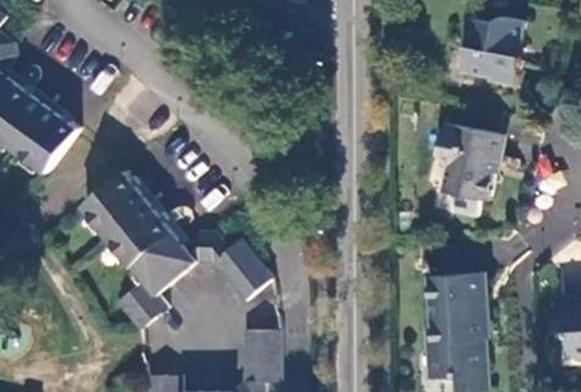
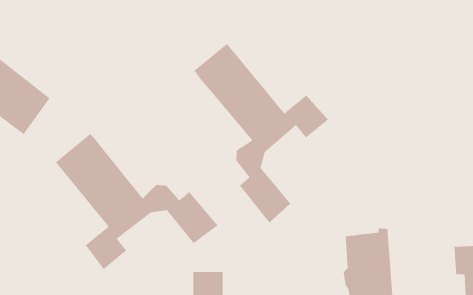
building: [458,22,520,91] -> none
building: none -> [193,43,329,223]
building: [435,127,497,219] -> none

